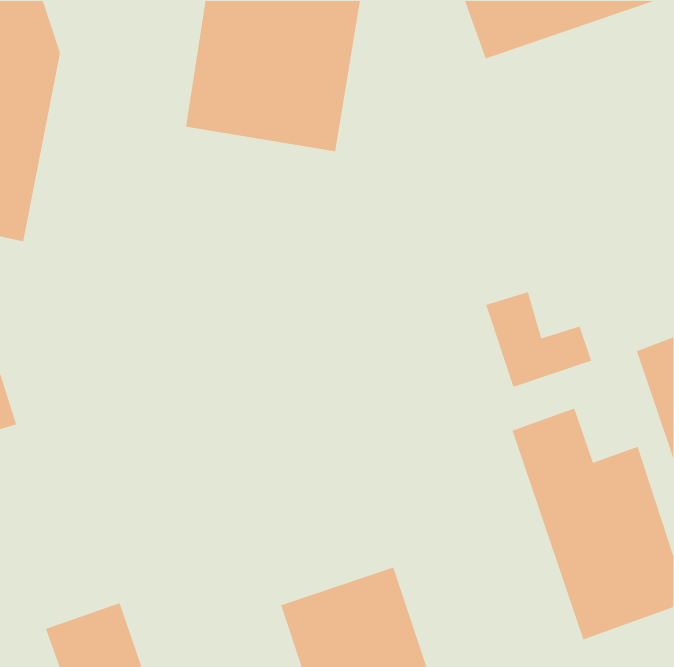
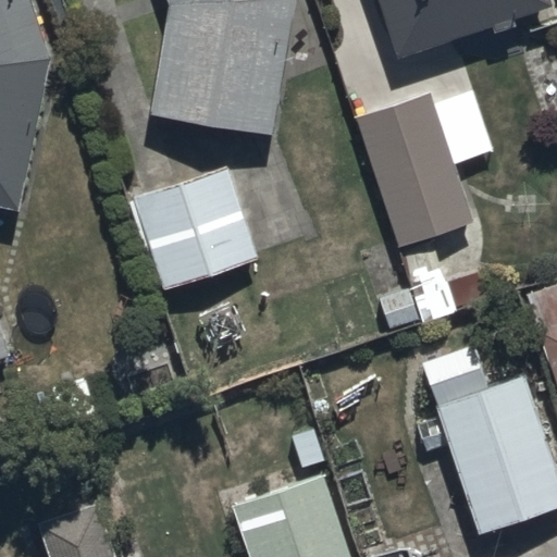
building: none -> [352,90,494,252]
building: none -> [124,163,260,294]

